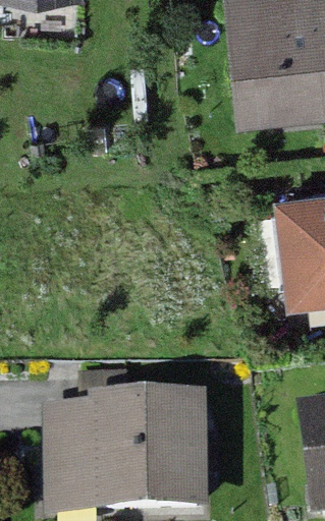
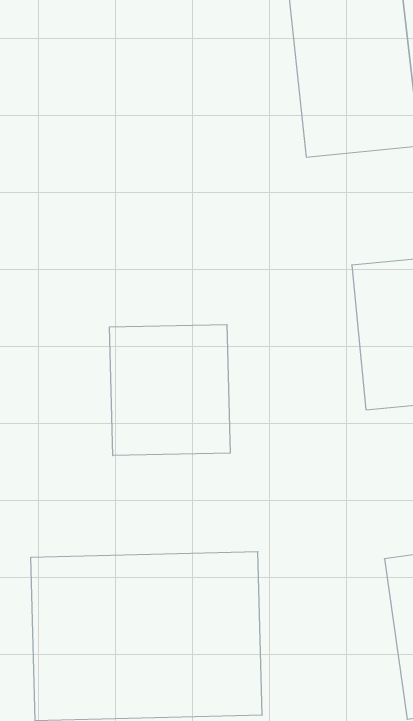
building: none -> [110,325,230,456]

